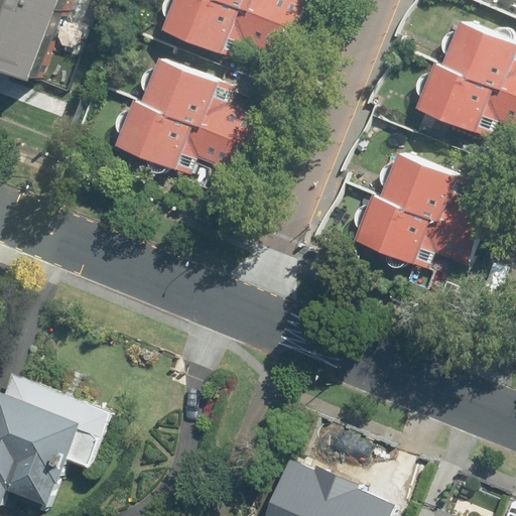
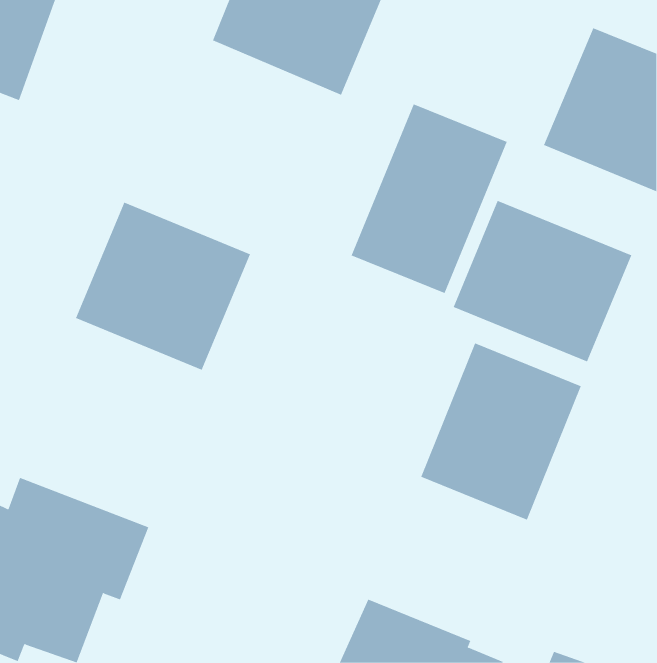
building: [122,55,257,185] -> [75,202,251,371]
building: none -> [351,104,508,294]
building: none -> [421,342,582,521]

